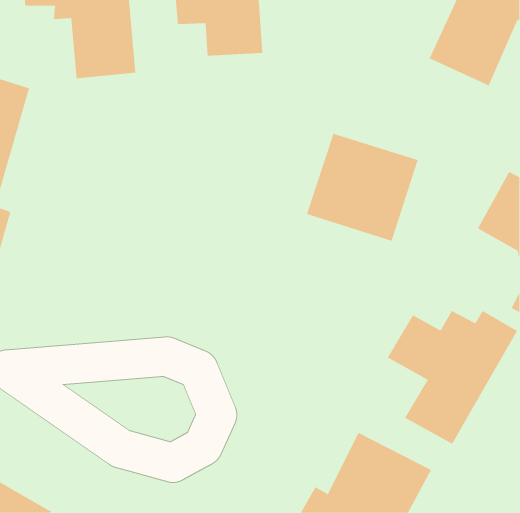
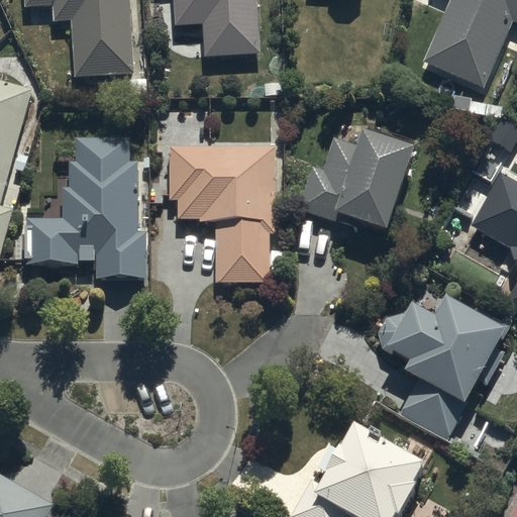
building: none -> [24,137,139,281]
building: none -> [170,141,271,284]

